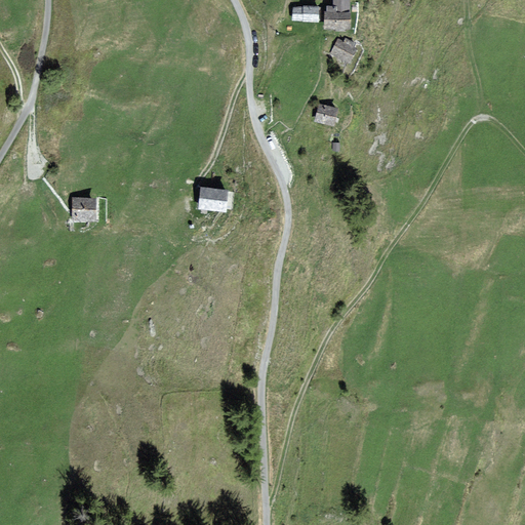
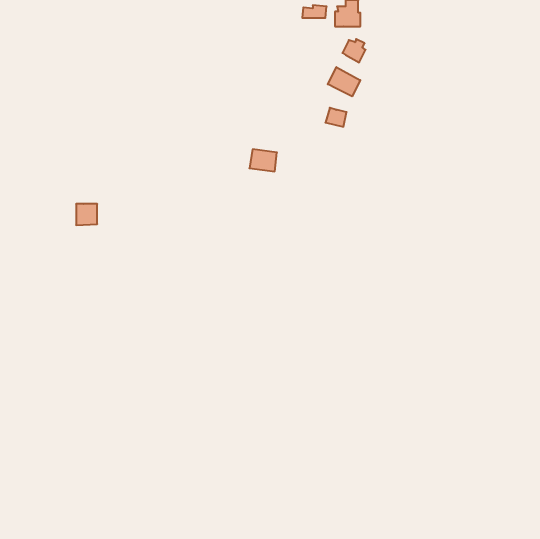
building: none -> [328,67,360,96]
building: [200,189,227,210] -> [249,149,277,171]

